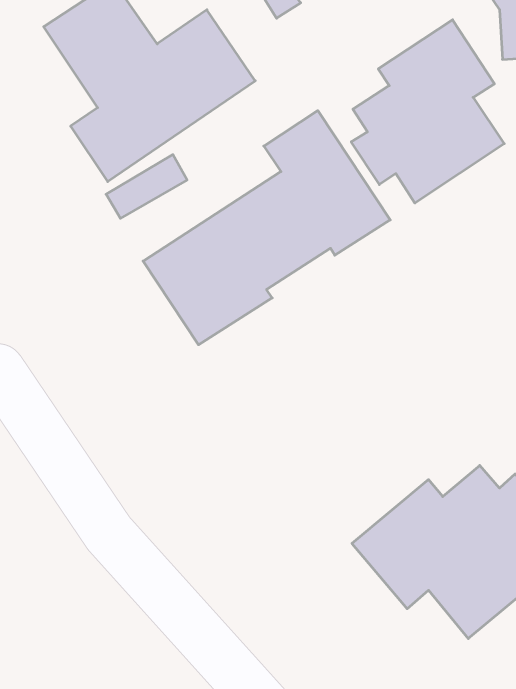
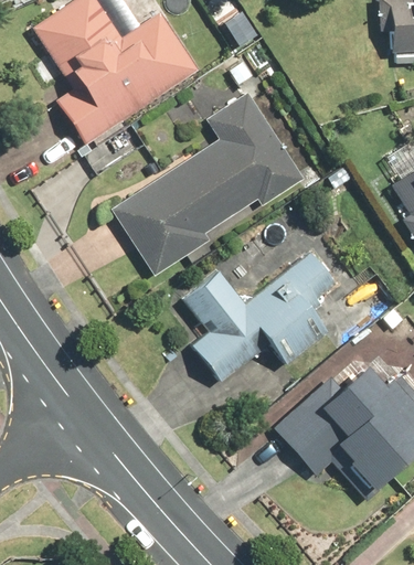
building: [351,20,504,203] -> none
building: none -> [187,249,339,382]

